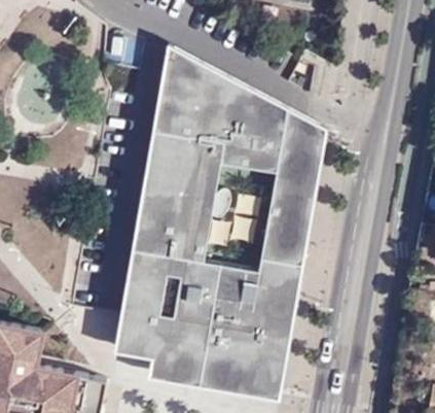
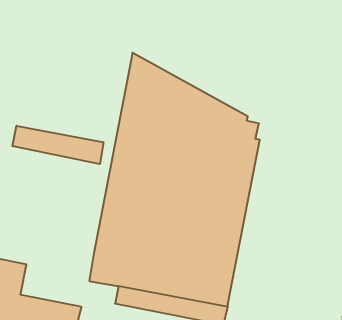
building: [165,43,326,180] -> none
building: none -> [13,126,103,164]

